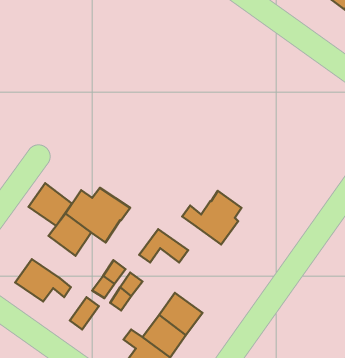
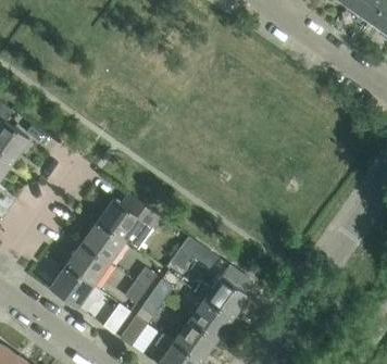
building: [28,183,72,226] -> [65,243,108,285]
building: [182,191,241,245] -> [194,266,251,318]
building: none -> [120,315,149,352]

